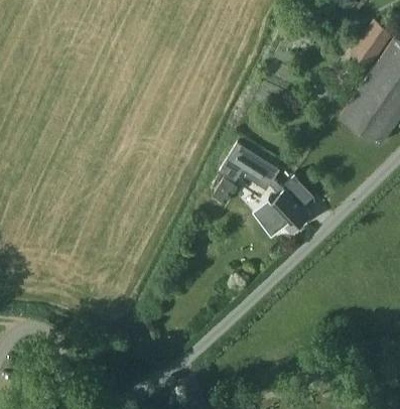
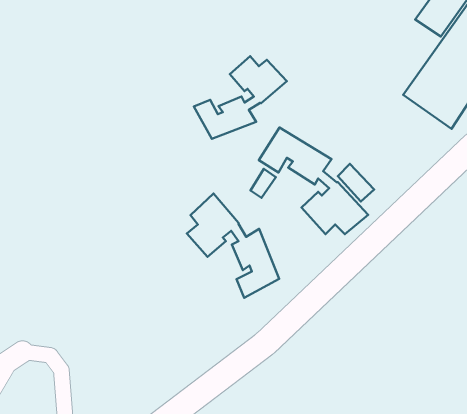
building: none -> [194,56,287,139]
building: none -> [187,194,279,298]

